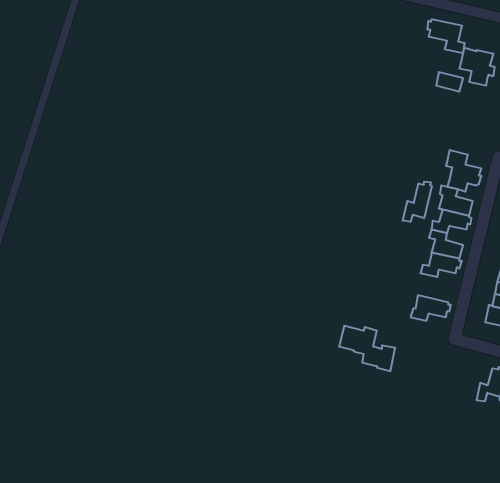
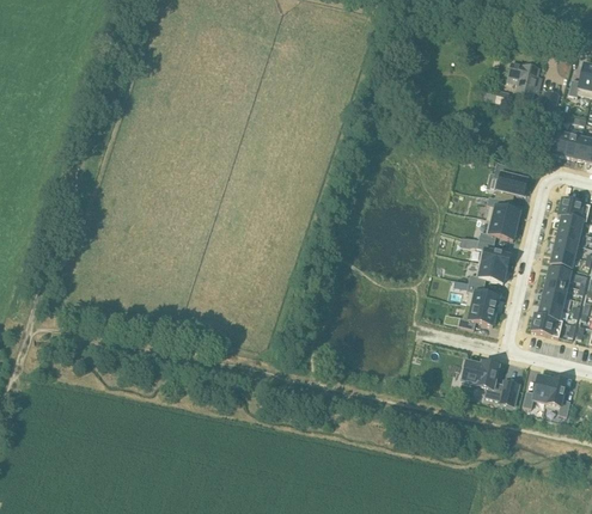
building: [428,19,465,53] -> none
building: [403,182,432,222] -> none
building: none -> [465,281,499,310]
building: [339,326,395,371] -> [465,361,520,405]

